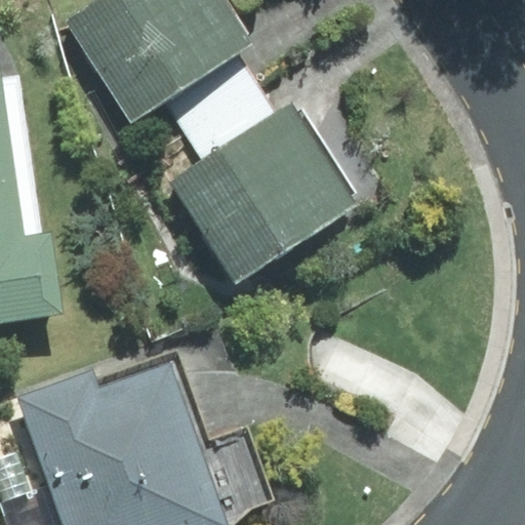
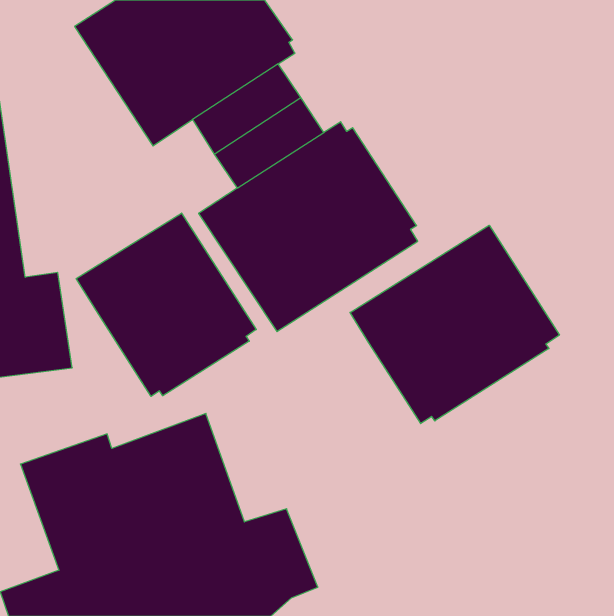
building: none -> [76,213,256,396]
building: none -> [350,225,559,424]

